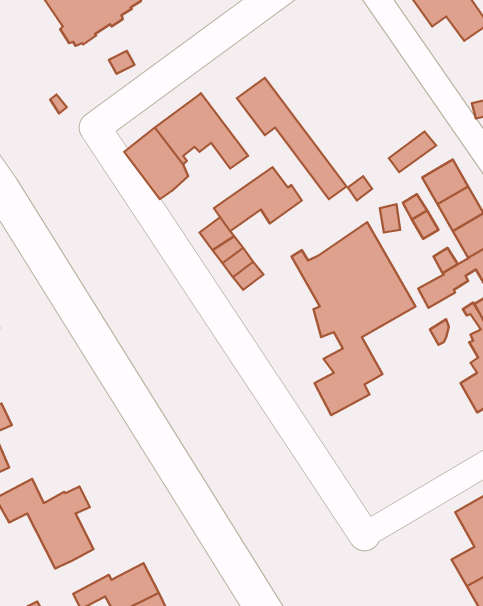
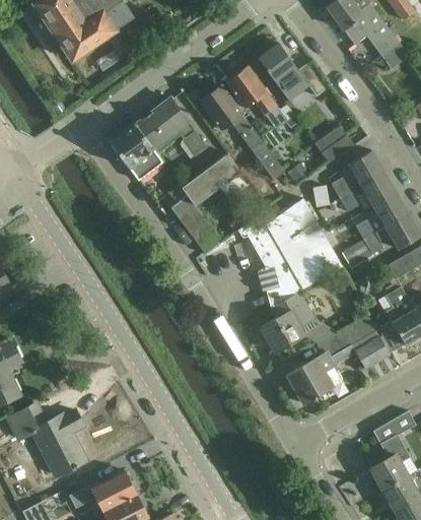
building: none -> [258,42,327,100]
building: none -> [225,65,298,128]
building: none -> [287,316,389,403]

